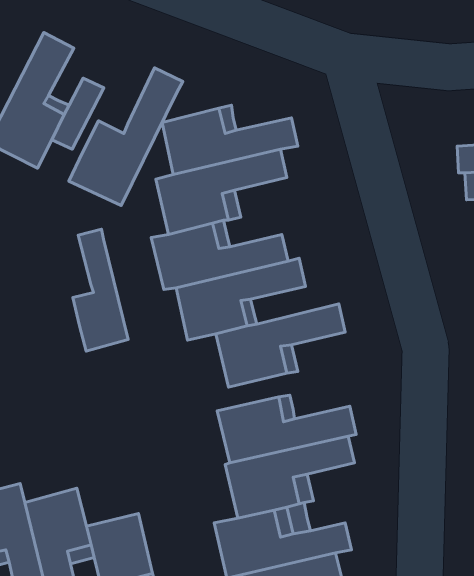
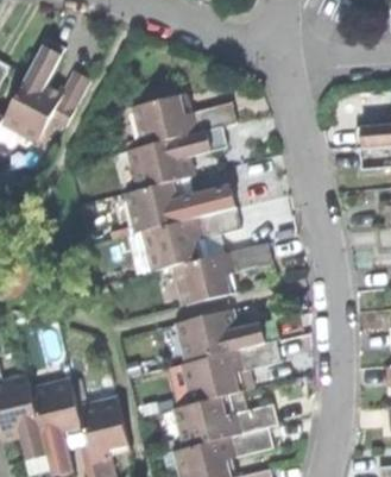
building: [69,68,183,205] -> none
building: [73,229,128,351] -> none

